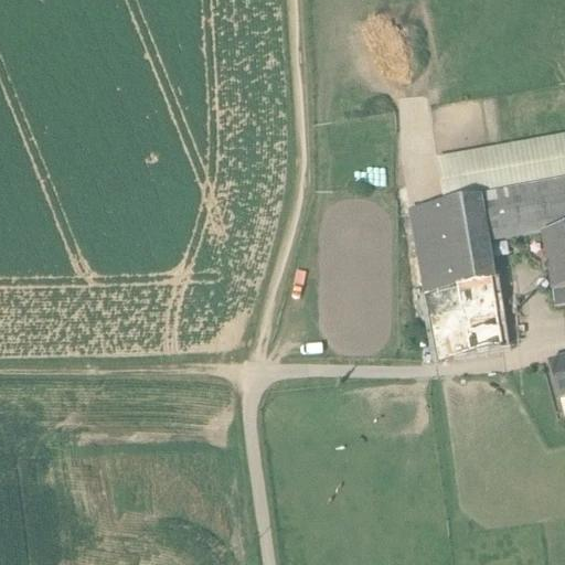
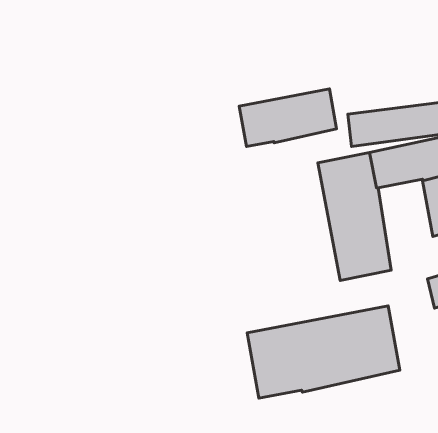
building: none -> [239,89,337,147]
building: none -> [247,306,400,398]

